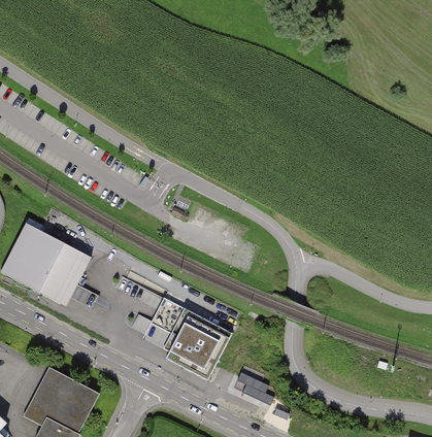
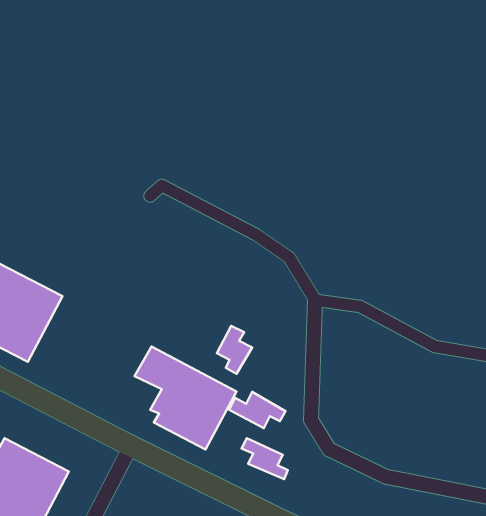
building: none -> [217,326,252,374]
building: none -> [229,392,286,428]

